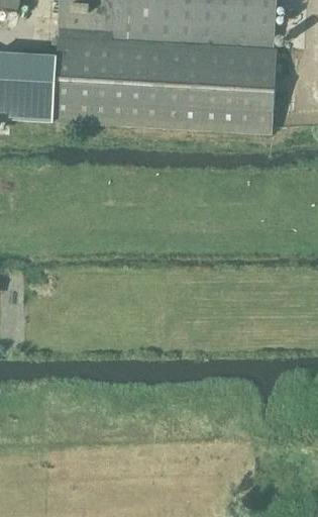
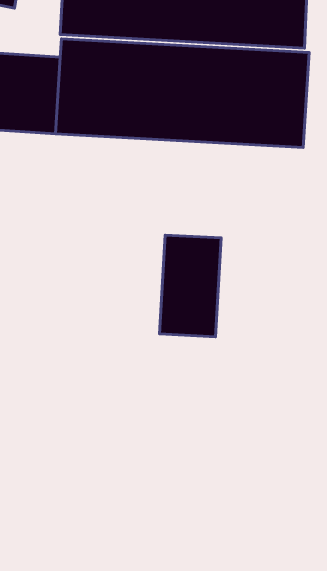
building: none -> [160,235,221,337]

